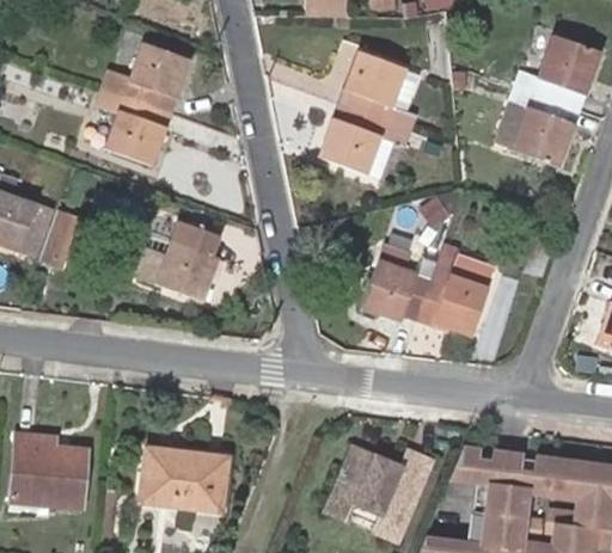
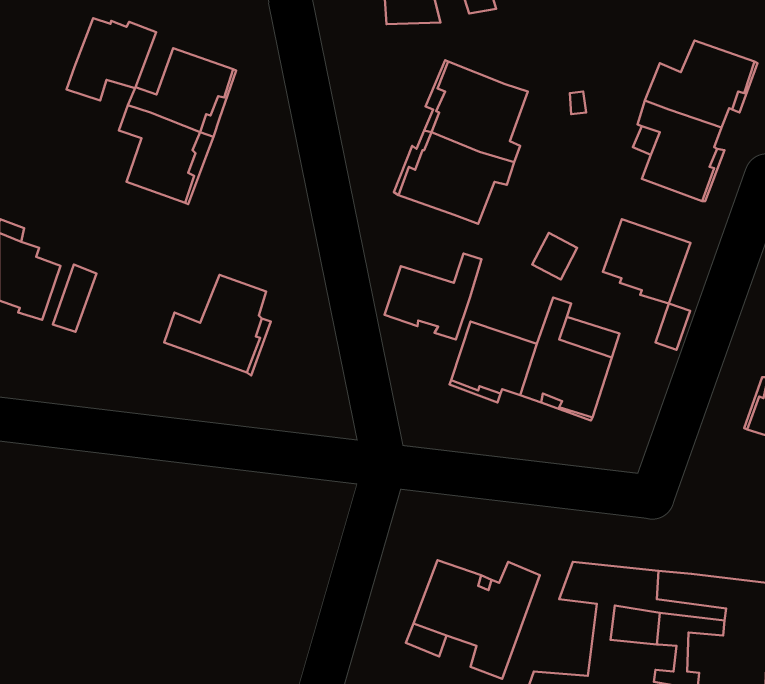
building: none -> [67,18,156,100]
building: none -> [603,219,690,303]
building: none -> [384,253,481,340]
building: [12,432,87,503] -> none
building: [139,444,227,508] -> none

